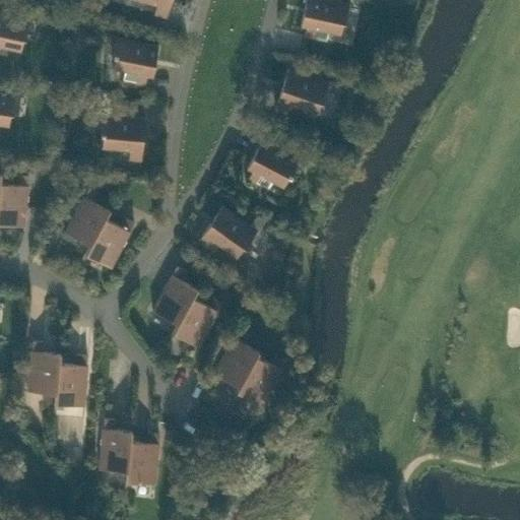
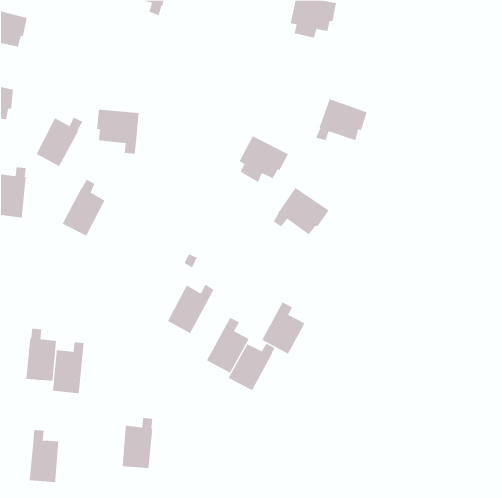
building: [112,41,157,87] -> none
building: [274,72,328,116] -> [315,99,368,141]
building: [198,209,257,259] -> [273,187,330,235]
building: [85,211,134,270] -> [36,110,83,167]
building: [151,268,197,336] -> none
building: none -> [261,301,309,354]
building: [99,421,130,486] -> [29,430,59,492]

